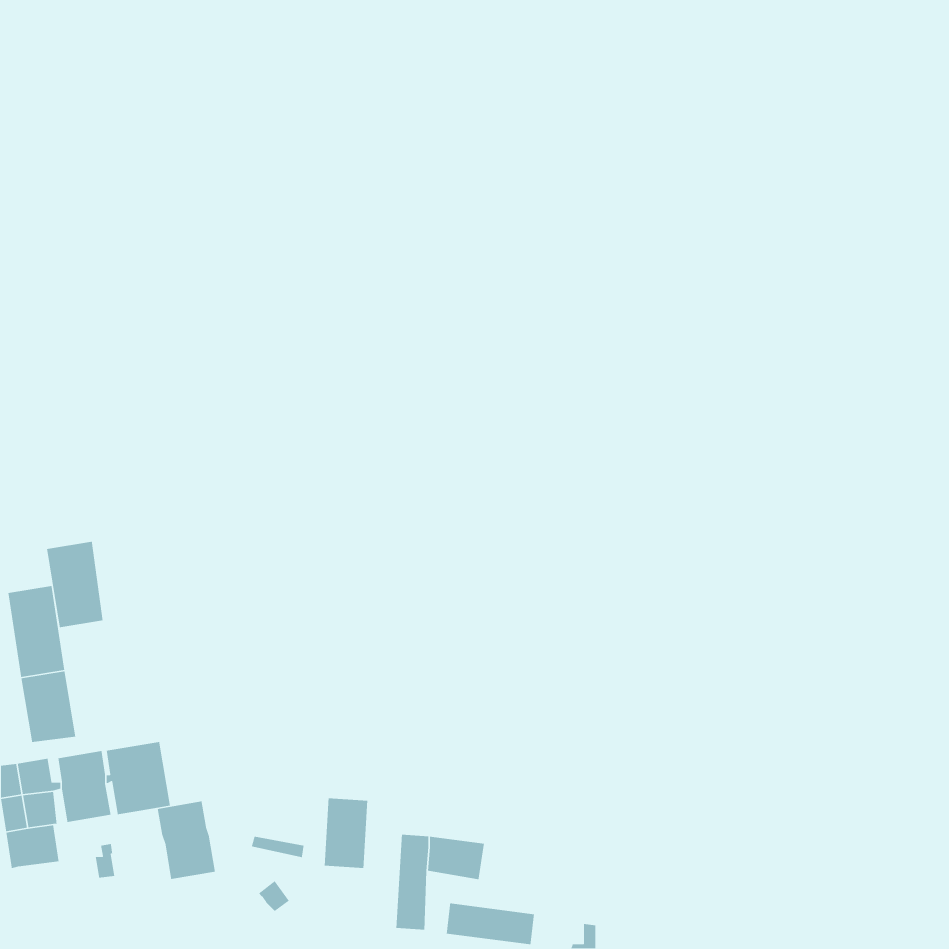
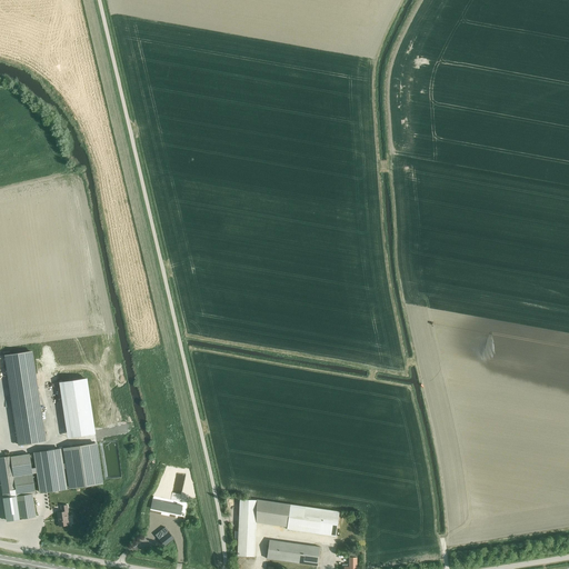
building: [46,541,104,628] -> [59,379,93,431]
building: [324,798,368,869] -> none
building: [157,801,216,880] -> none
building: none -> [287,505,339,537]

